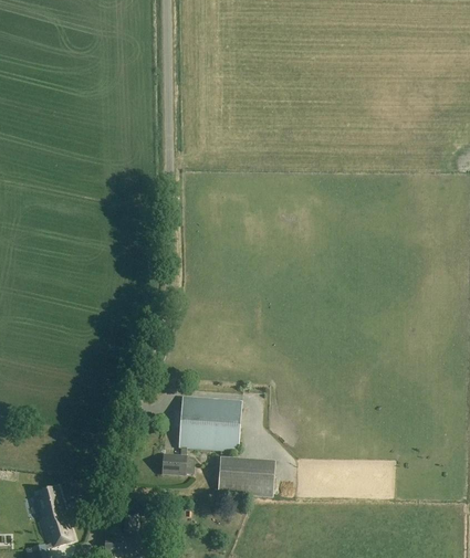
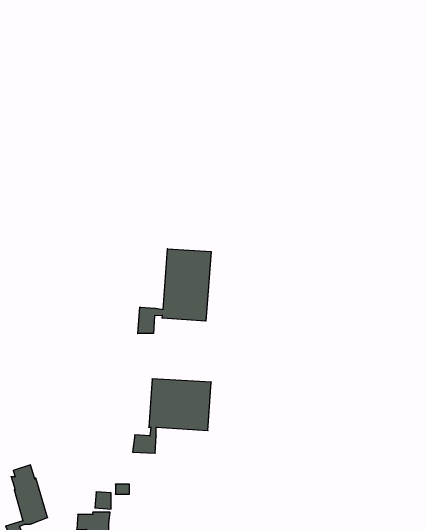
building: none -> [138,249,211,334]
building: [217,456,274,496] -> none

